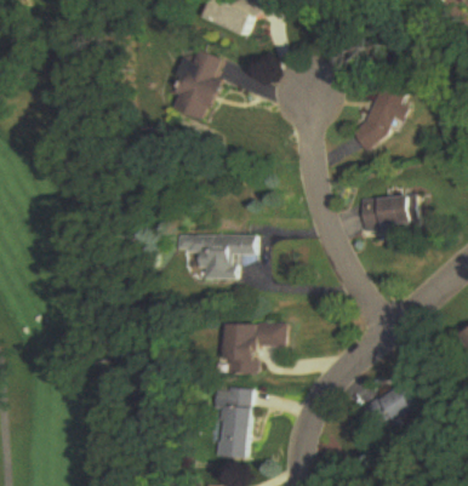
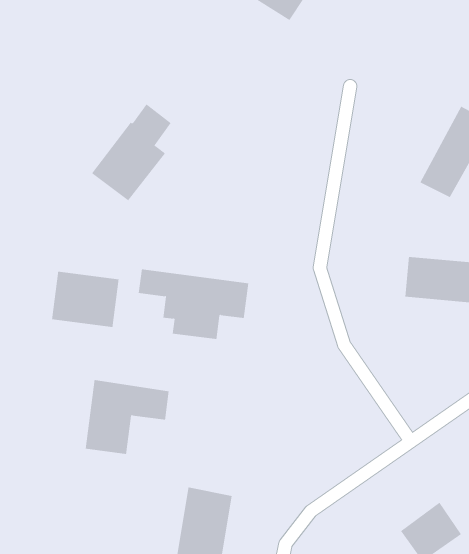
building: [167,46,222,120] -> [91,103,171,201]
building: none -> [51,271,119,328]
building: [218,321,275,373] -> [85,380,169,454]

